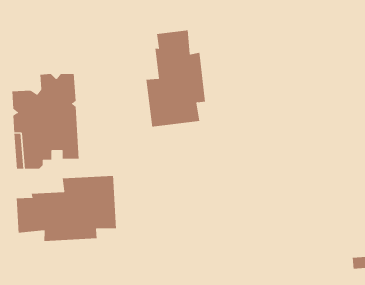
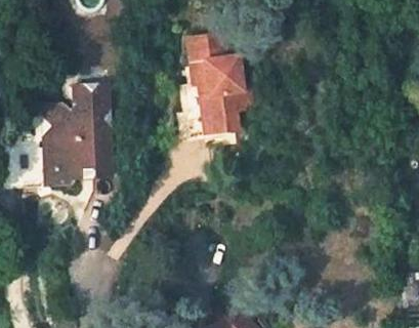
building: [16,175,117,242] -> none

